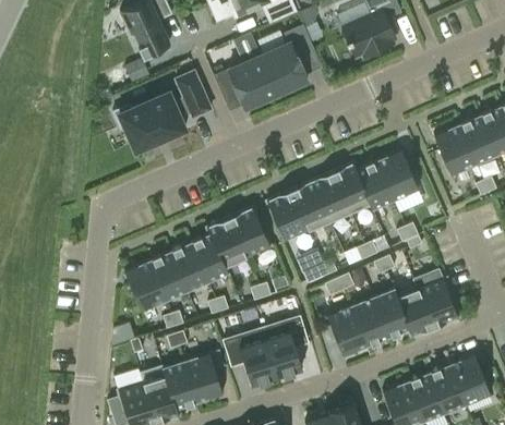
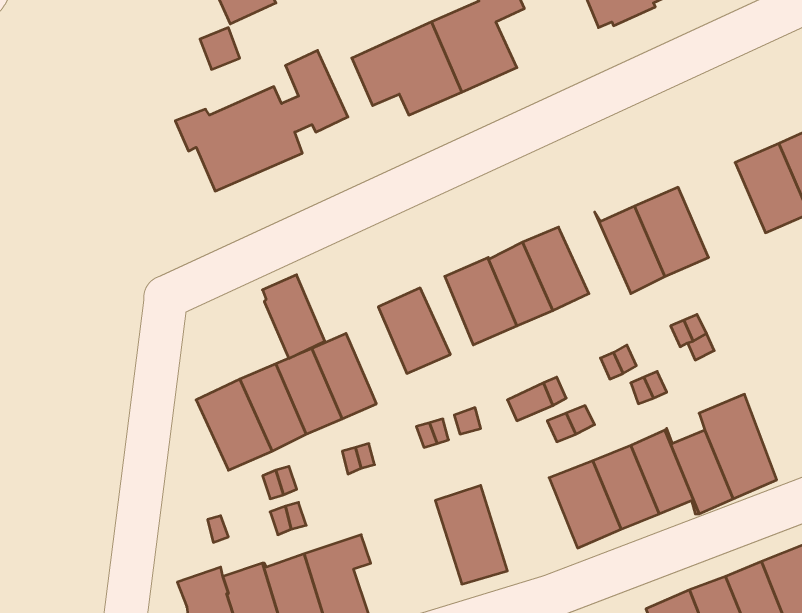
building: [333,163,374,210] -> none
building: [209,218,245,266] -> [262,275,325,358]
building: [237,329,277,386] -> none

